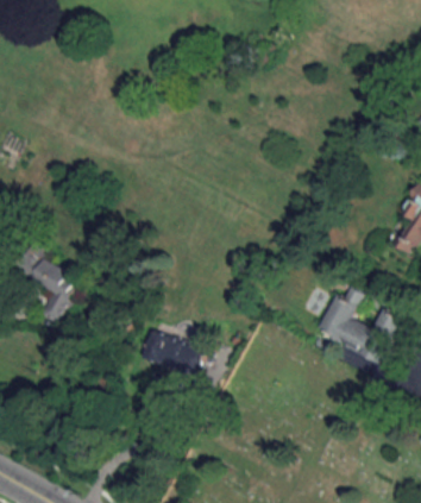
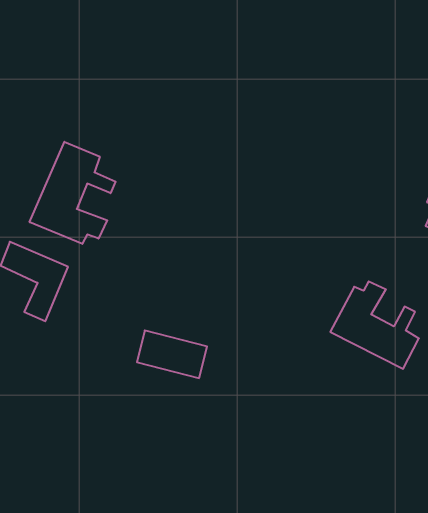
building: none -> [30,142,116,244]

